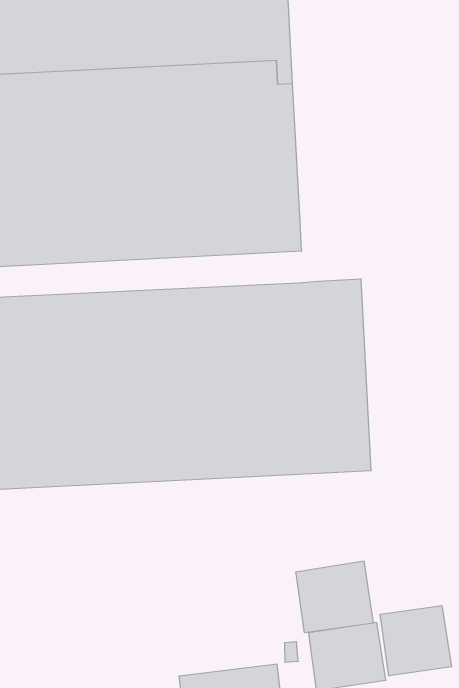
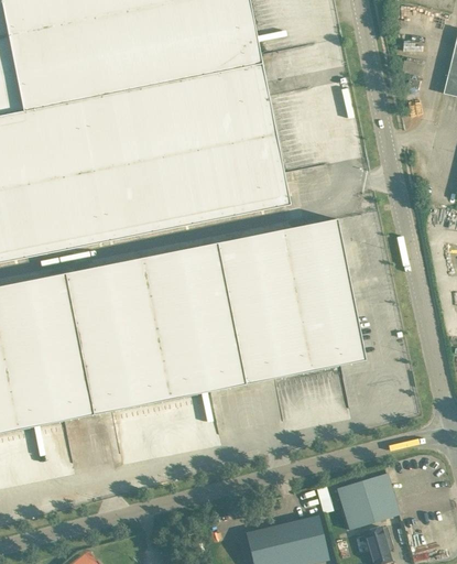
building: [296,561,373,633] -> none
building: [380,606,451,676] -> none

